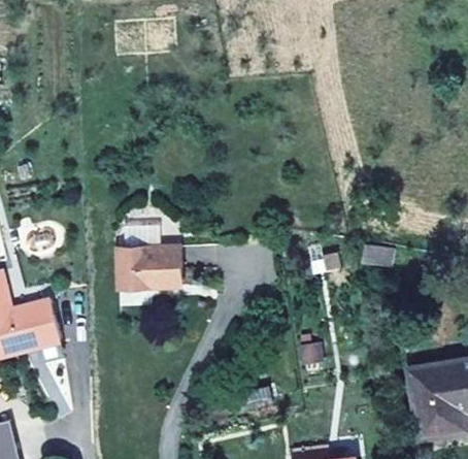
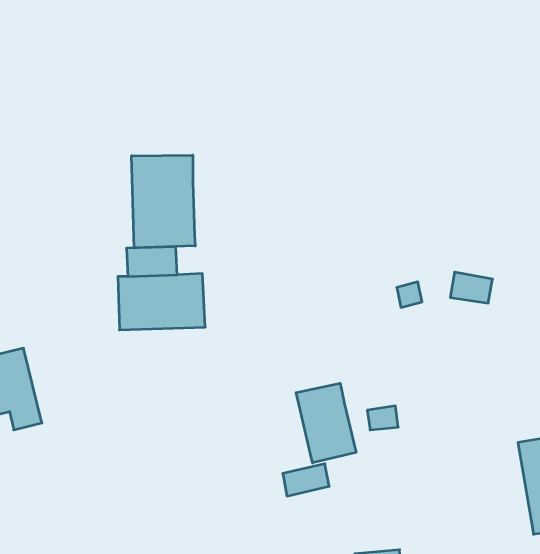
building: none -> [132,155,195,248]
building: none -> [296,383,356,463]

